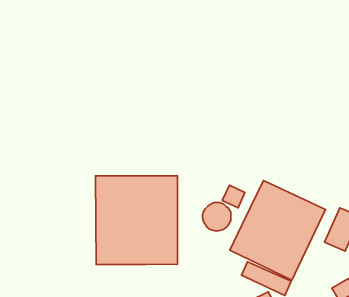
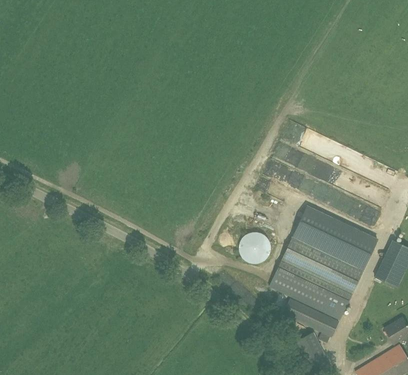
building: [95,176,178,265] -> none
building: [222,185,245,208] -> none

